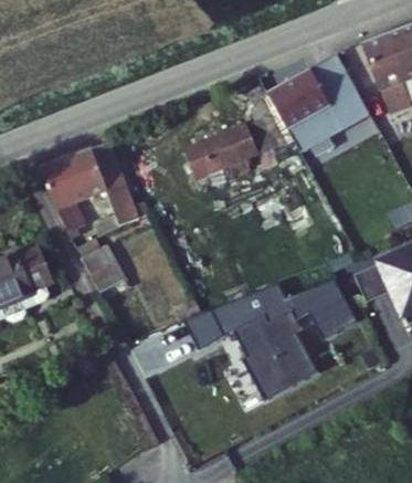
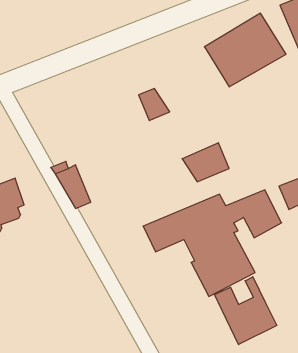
building: [203,128,262,177] -> [182,143,229,182]
building: [39,146,149,231] -> none
building: none -> [215,277,277,345]

